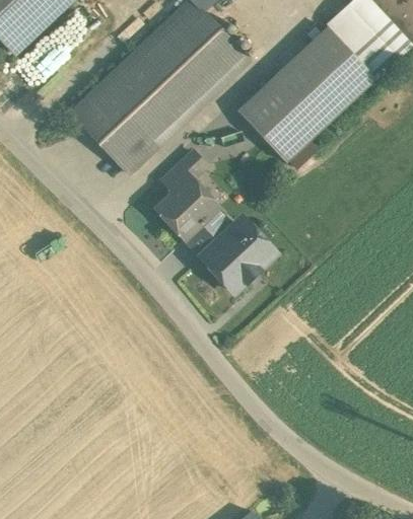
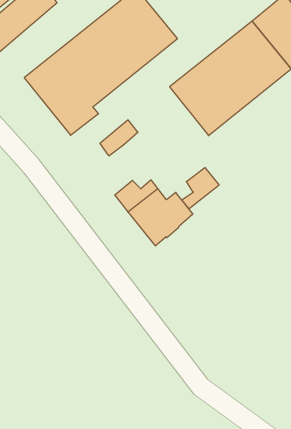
building: [157,179,217,238] -> none
building: none -> [182,168,219,209]

